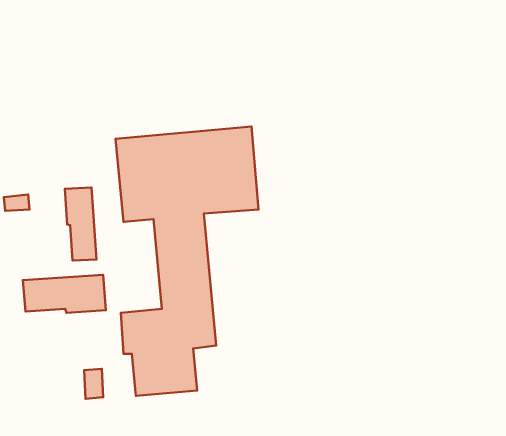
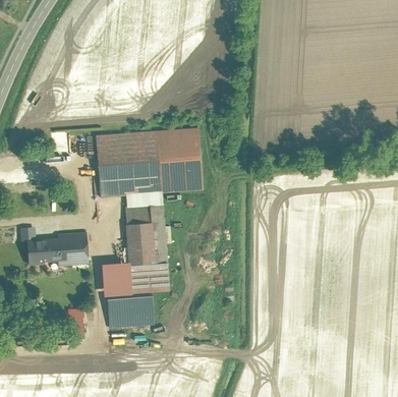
building: [65,187,96,261] -> none

